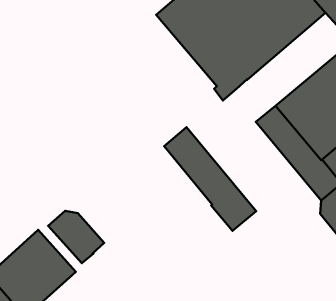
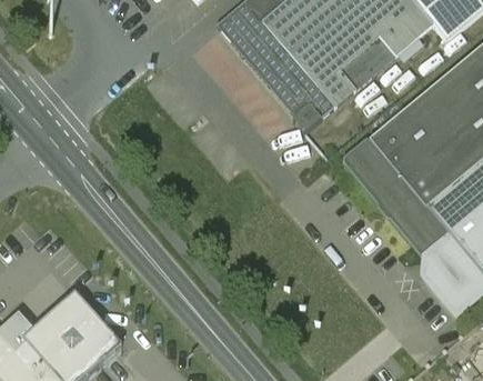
building: [164,127,256,231] -> none
building: [48,211,104,263] -> none

